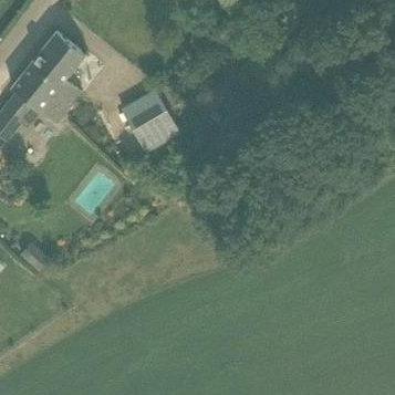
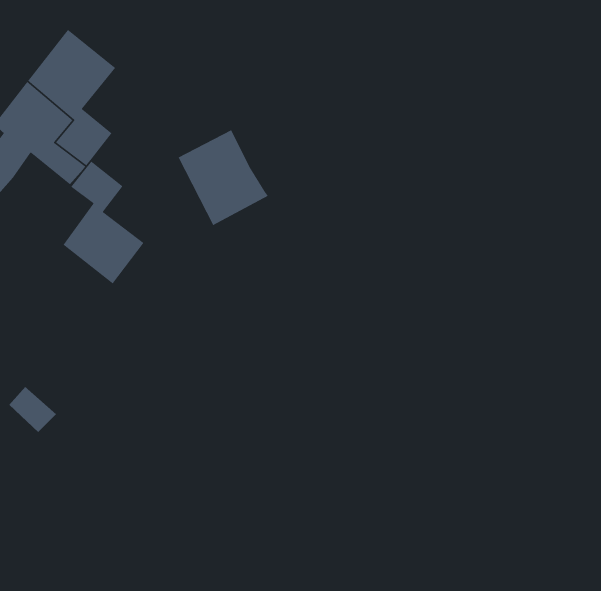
building: none -> [63,161,145,285]

